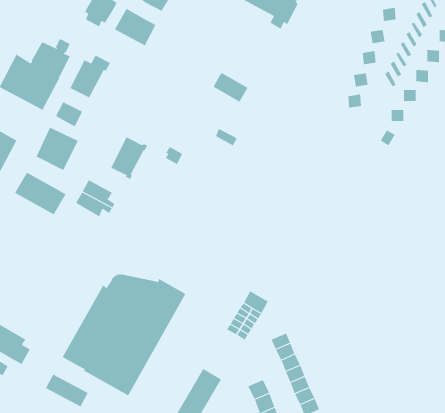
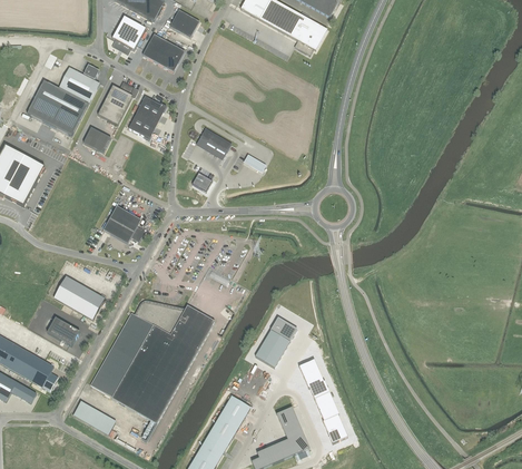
building: [213,72,249,102] -> [196,127,232,157]
building: [36,127,79,171] -> none
building: [110,137,148,180] -> [128,96,166,139]
building: [14,172,66,215] -> [52,275,105,319]
building: none -> [46,316,79,345]

